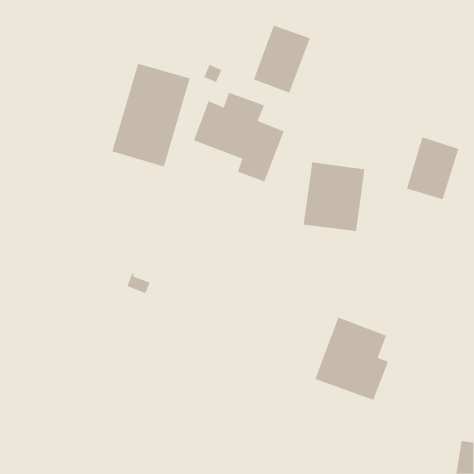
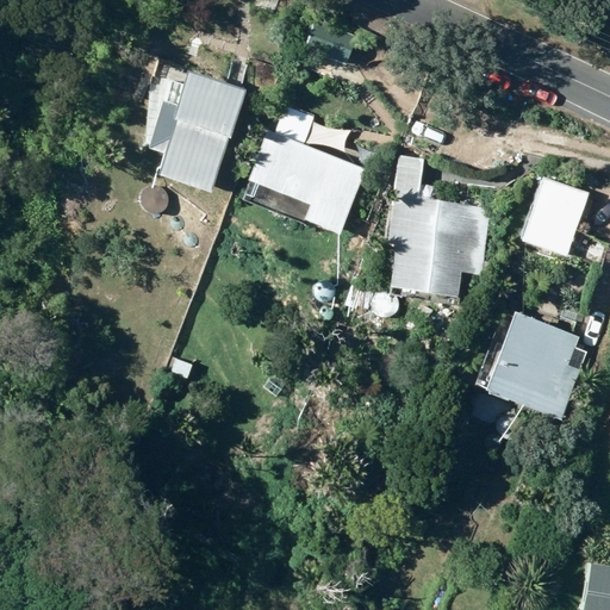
building: [253,25,310,93] -> none
building: [314,317,389,401] -> [485,311,580,418]

